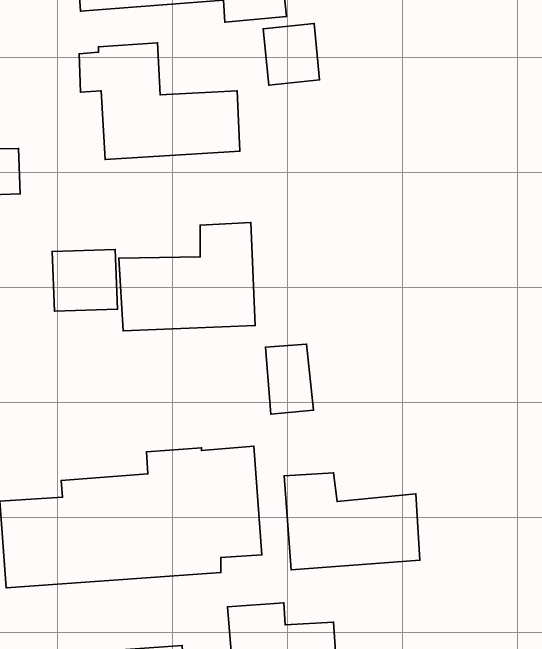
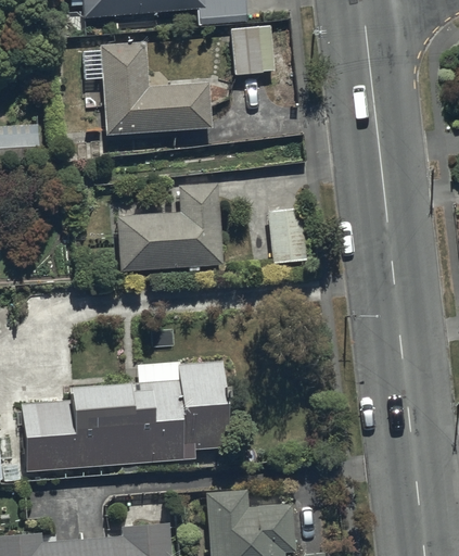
building: [52,249,118,311] -> none
building: [265,344,314,414] -> [269,210,307,265]
building: [284,473,420,570] -> none

